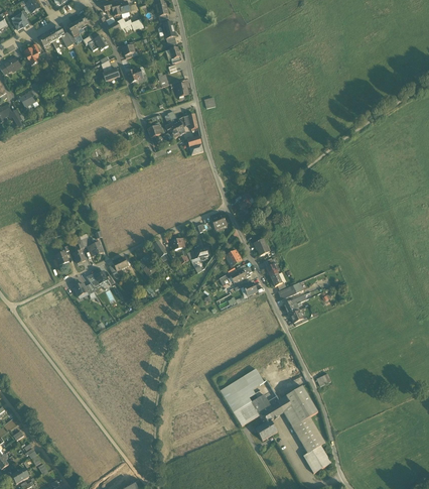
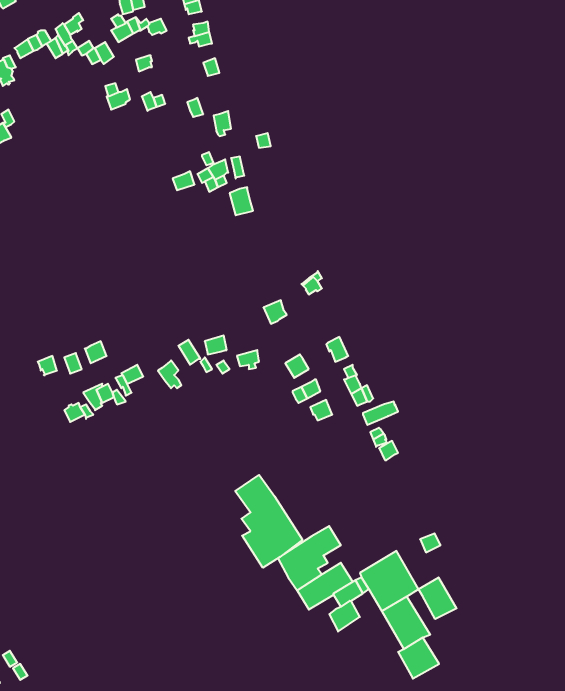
building: none -> [235,475,302,568]
building: none -> [419,577,457,619]

